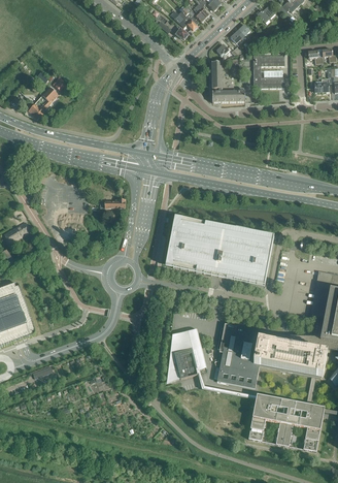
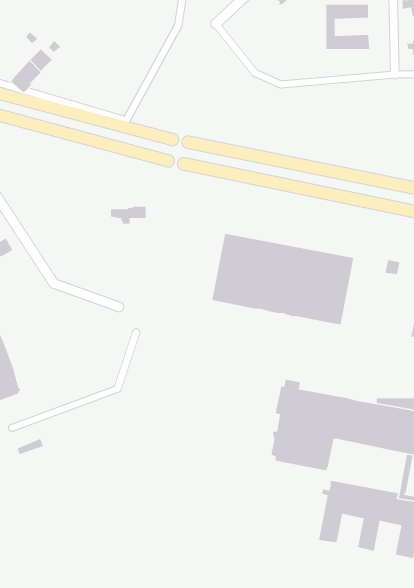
building: [212,60,245,101] -> none
building: [168,327,206,381] -> none

